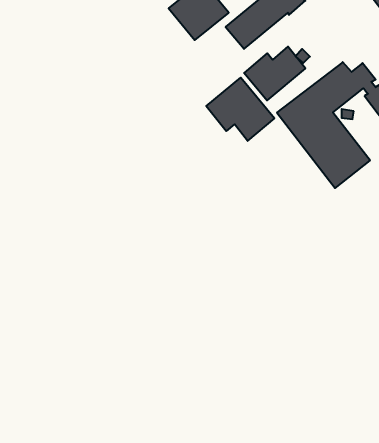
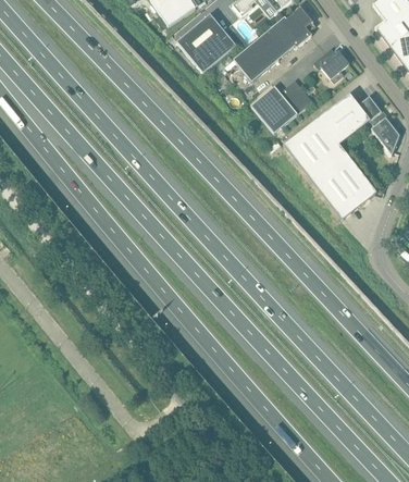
building: none -> [313,48,349,82]
building: [206,78,274,141] -> none

